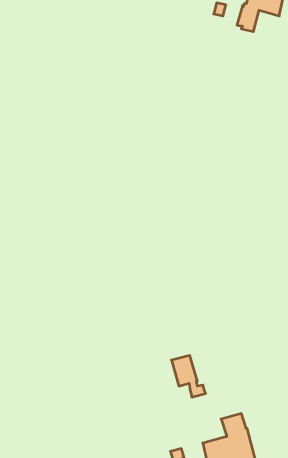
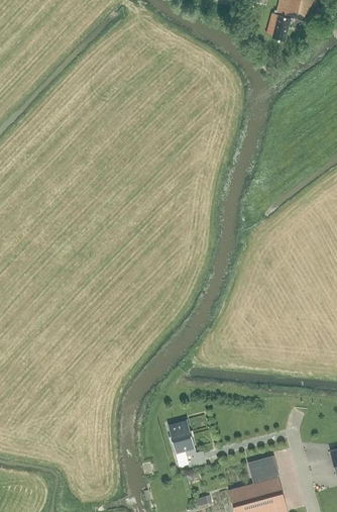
building: [171,356,206,397] -> [166,420,204,466]

